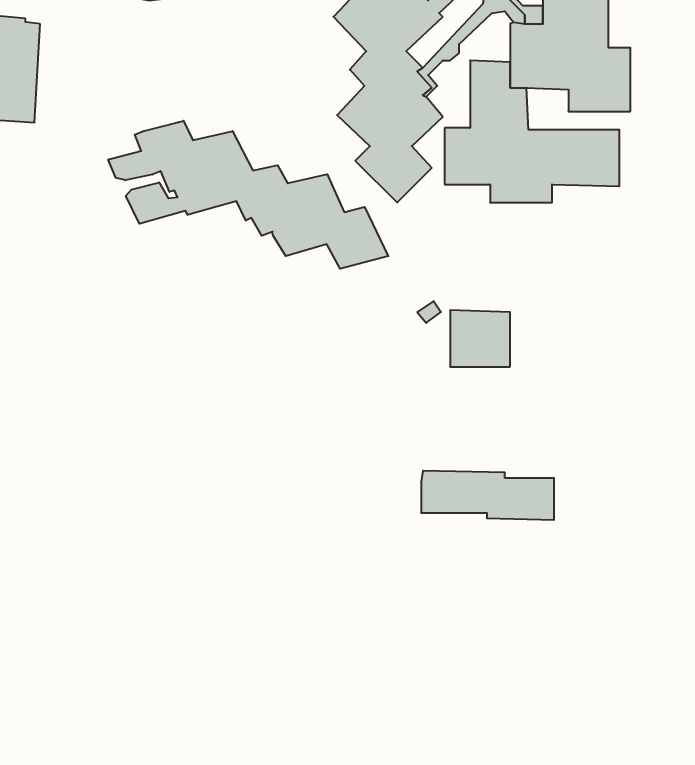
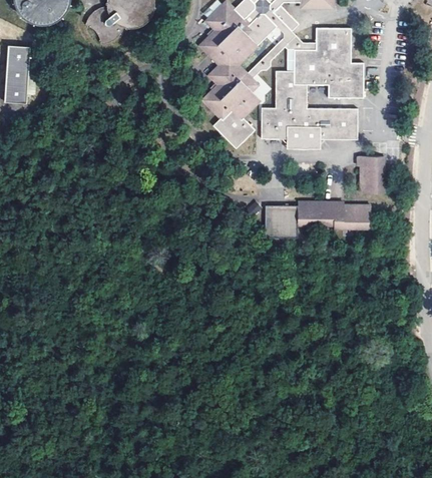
building: [108,121,388,269] -> none
building: none -> [358,156,384,193]
building: [421,471,554,520] -> [298,202,371,229]

